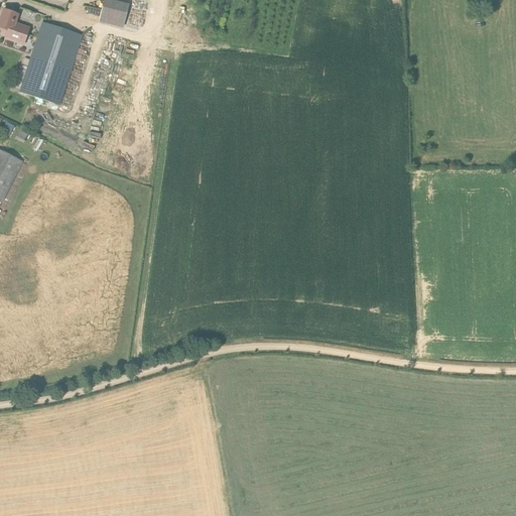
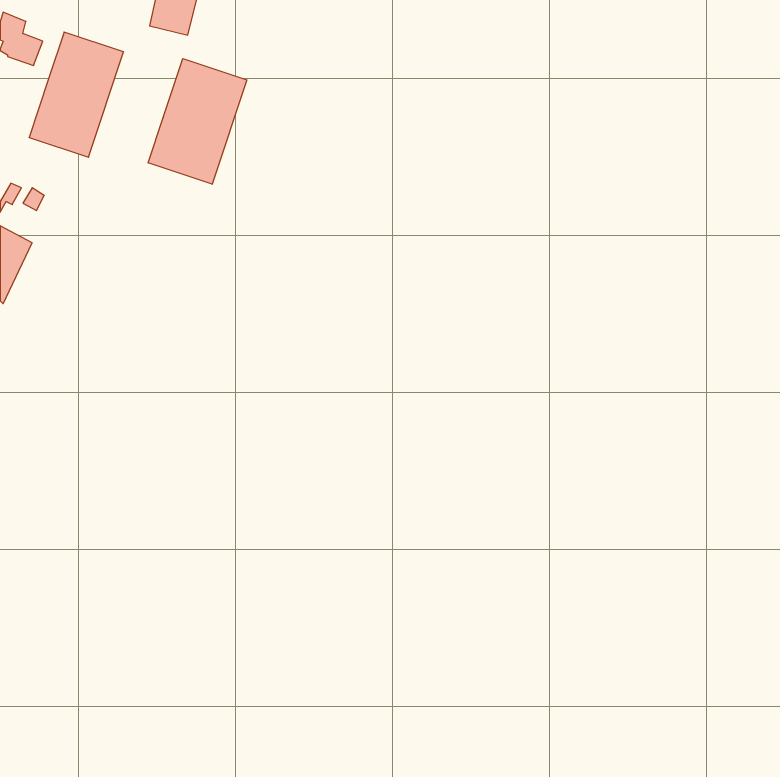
building: none -> [148,59,247,184]

